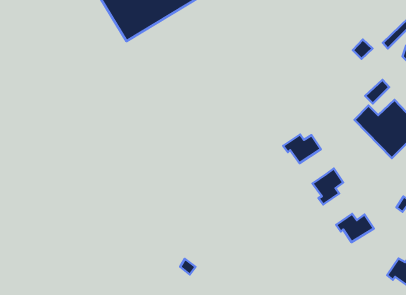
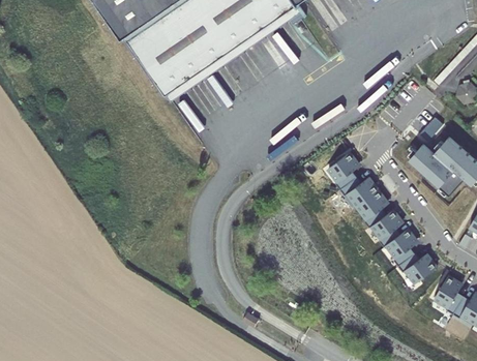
building: none -> [327,155,357,190]
building: none -> [355,191,386,229]
building: none -> [384,230,415,267]
building: none -> [433,276,461,314]

